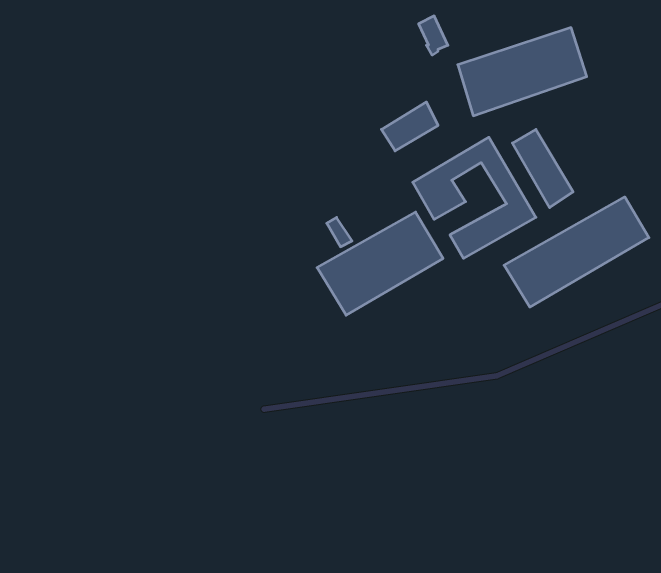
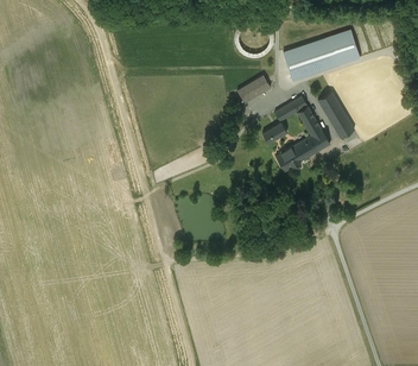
building: [504,197,649,307] -> none
building: [317,212,443,315] -> none

